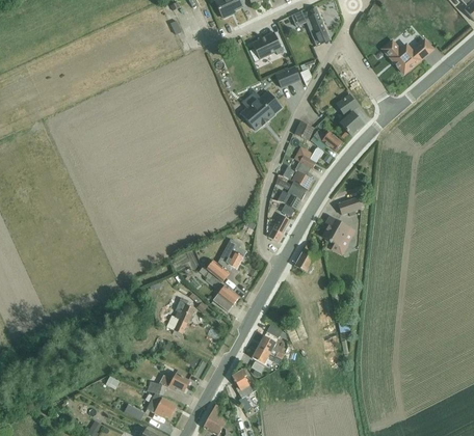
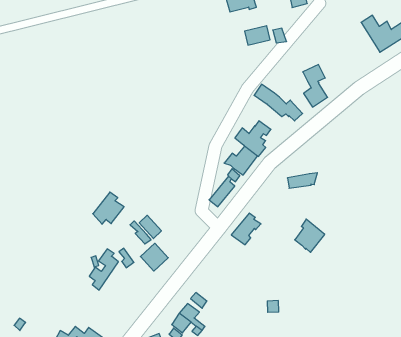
building: [241,90,282,129] -> none
building: [322,215,349,245] -> [295,219,325,252]
building: [218,239,246,270] -> [93,192,124,224]

